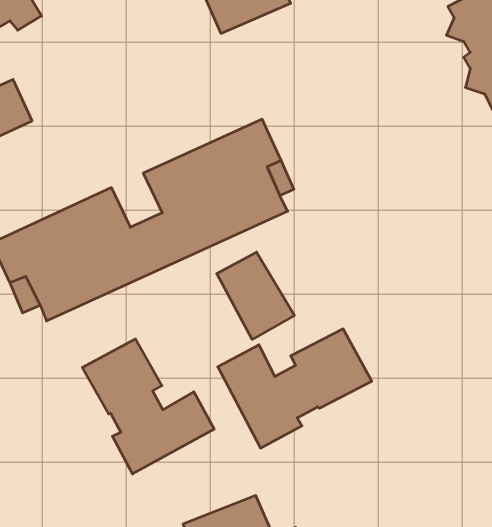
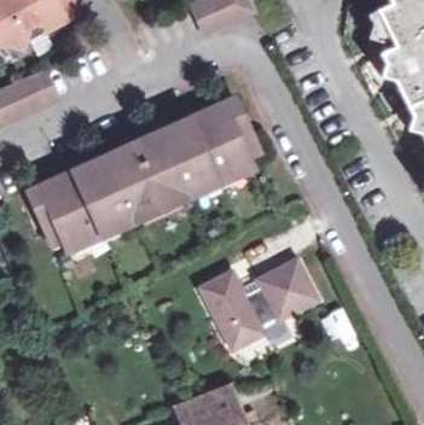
building: [217,252,294,339] -> none
building: [82,339,214,474] -> none

